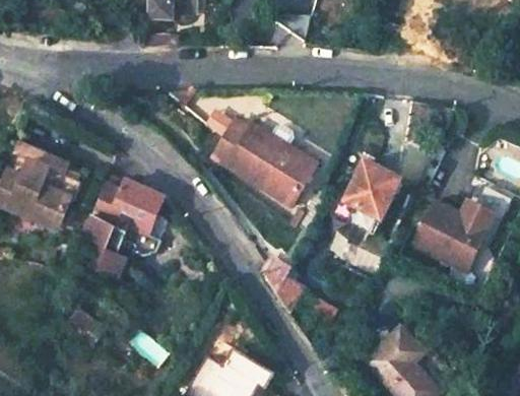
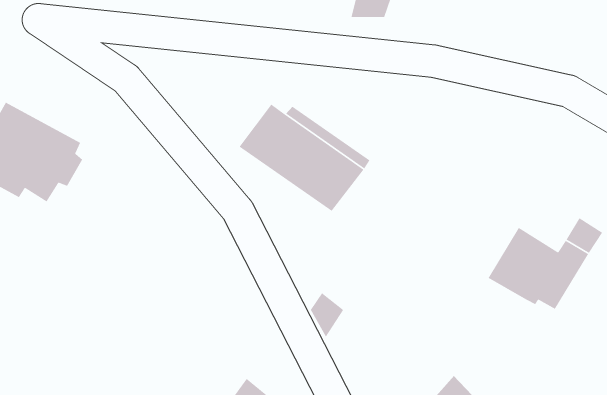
building: [343,160,400,220] -> none
building: [74,175,164,271] -> none

